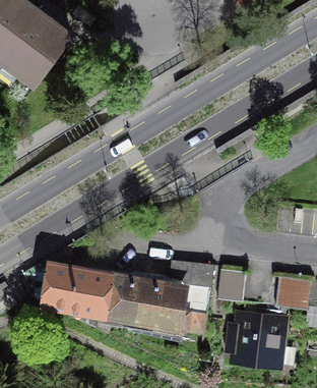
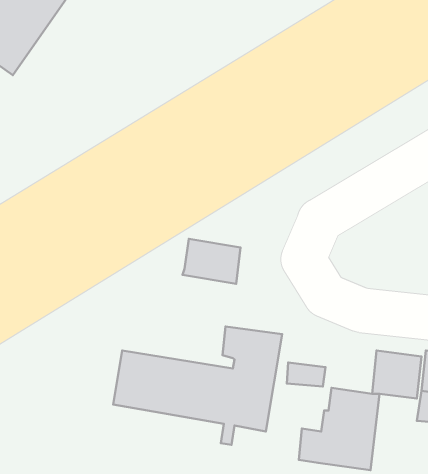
building: none -> [183,239,241,284]
building: [47,268,108,314] -> none

